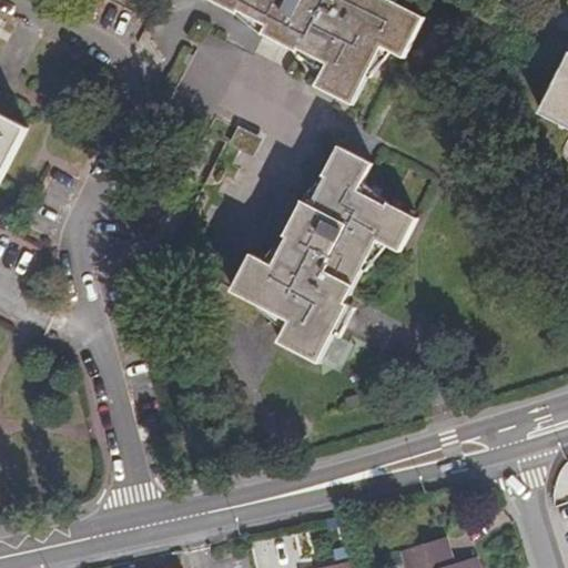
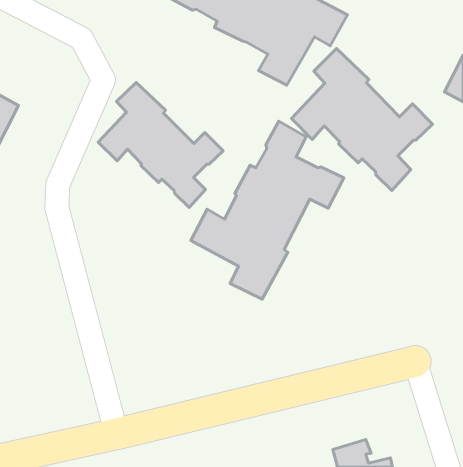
building: none -> [291,49,432,191]
building: none -> [98,83,223,207]

